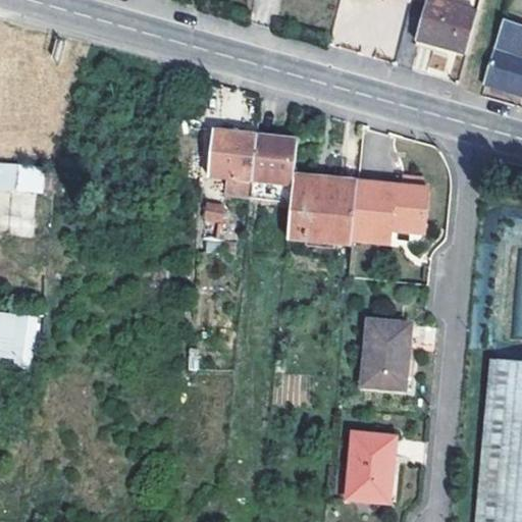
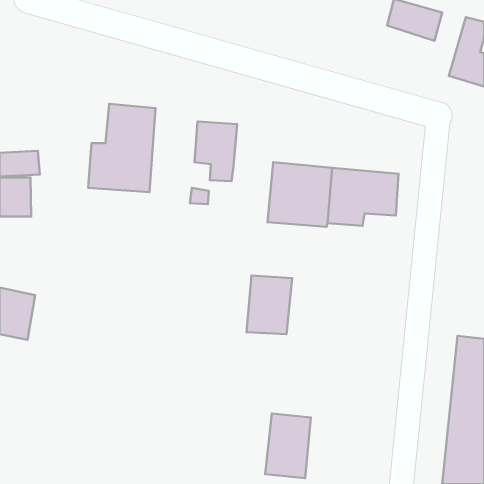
building: none -> [88,104,156,192]
building: [251,134,298,182] -> none
building: [362,322,411,385] -> [247,275,292,334]
building: [346,436,395,506] -> [265,414,311,478]

